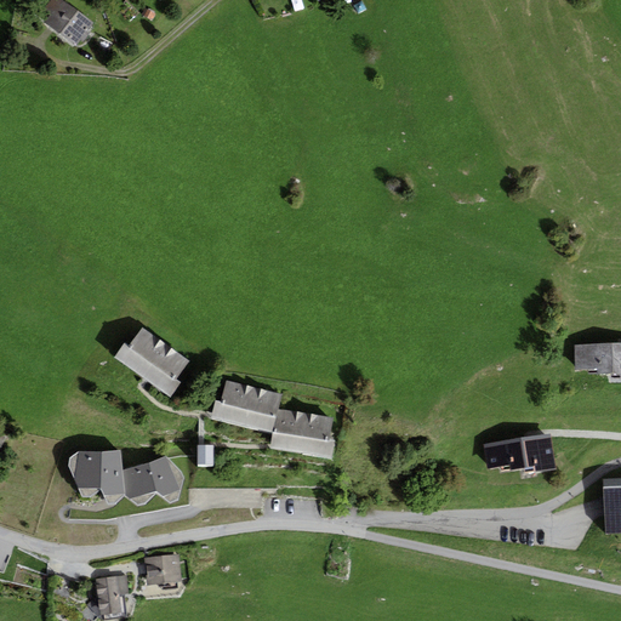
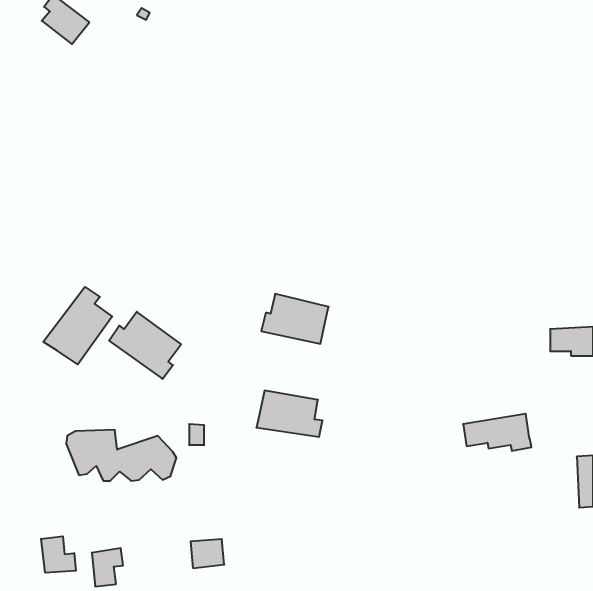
building: none -> [43,287,112,364]
building: [210,380,280,432] -> [261,294,329,344]
building: [146,554,181,585] -> [191,539,224,568]
building: none -> [41,536,76,573]

